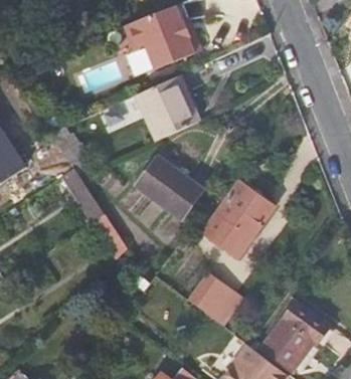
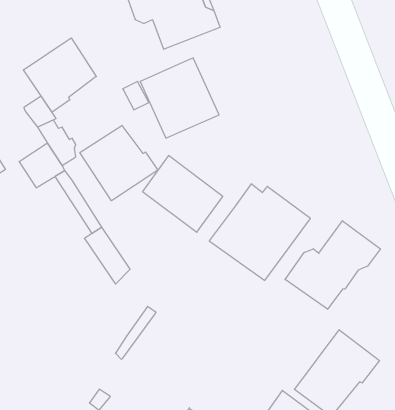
building: none -> [23,38,96,112]
building: none -> [80,125,158,201]
building: none -> [285,221,380,309]
building: [185,270,241,324] -> none

